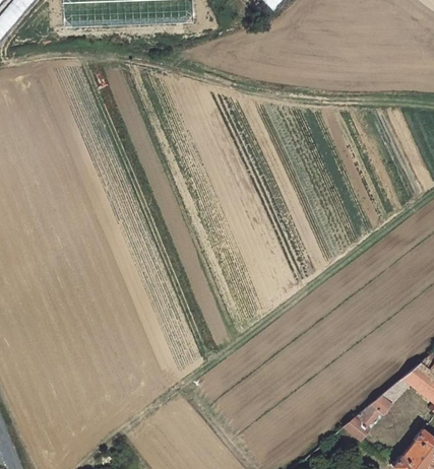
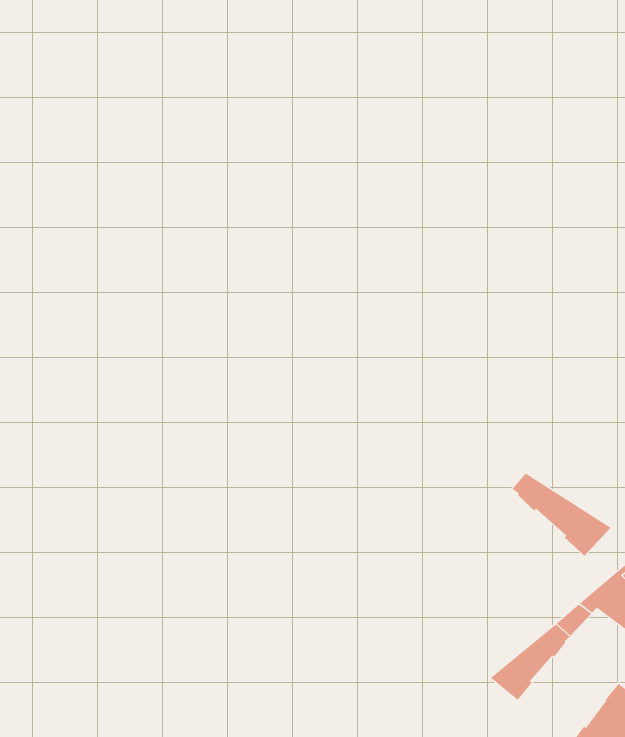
building: none -> [511,472,612,557]

